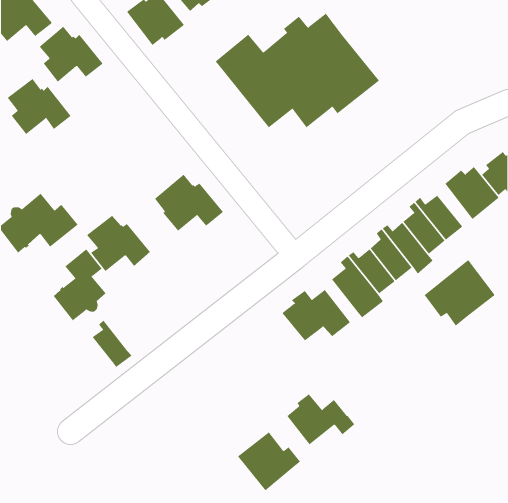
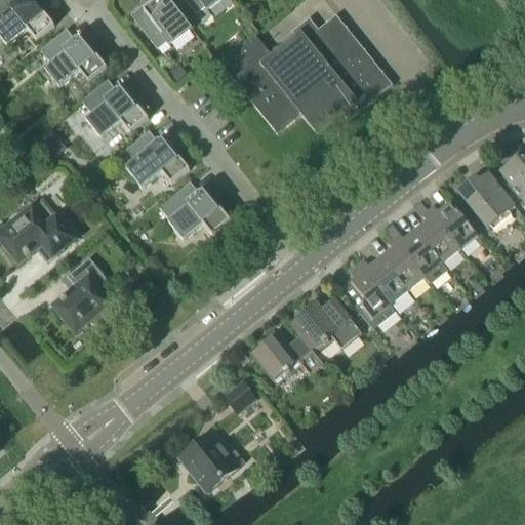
building: [7,78,72,135] -> [81,78,148,136]
building: [86,215,151,272] -> [122,129,189,188]
building: [424,259,495,326] -> none
building: [92,320,132,368] -> none
building: none -> [225,380,256,412]
building: [286,393,355,445] -> [252,330,323,383]
building: [237,432,301,491] -> [178,430,244,491]

